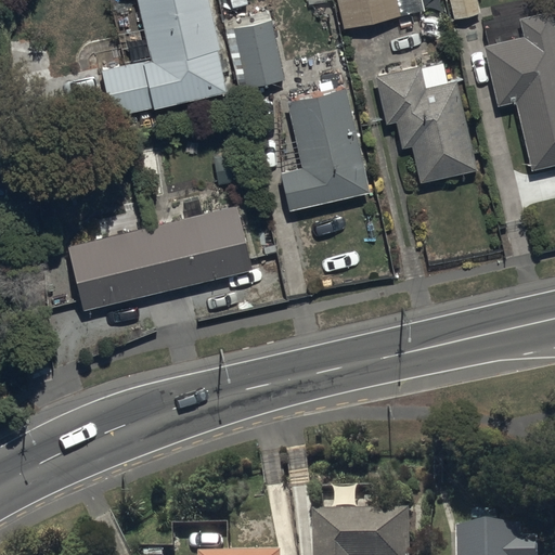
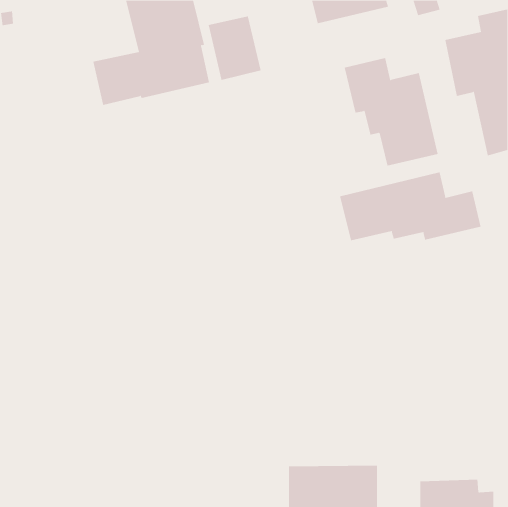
building: [281,88,372,211] -> none
building: none -> [340,172,481,241]
building: [68,204,254,310] -> none

